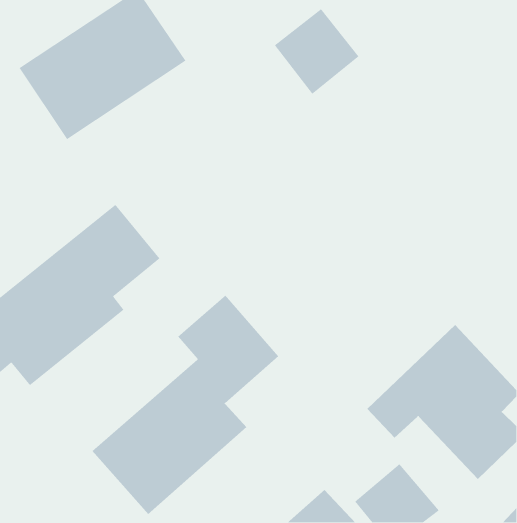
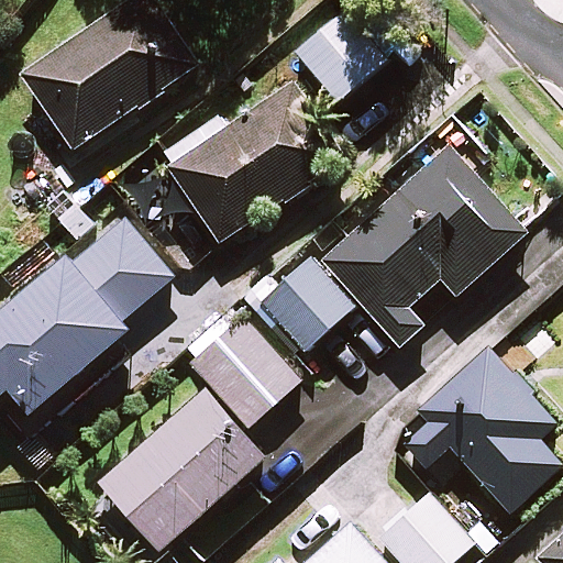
building: none -> [168,85,341,244]
building: none -> [320,145,527,347]
building: none -> [261,258,352,350]

